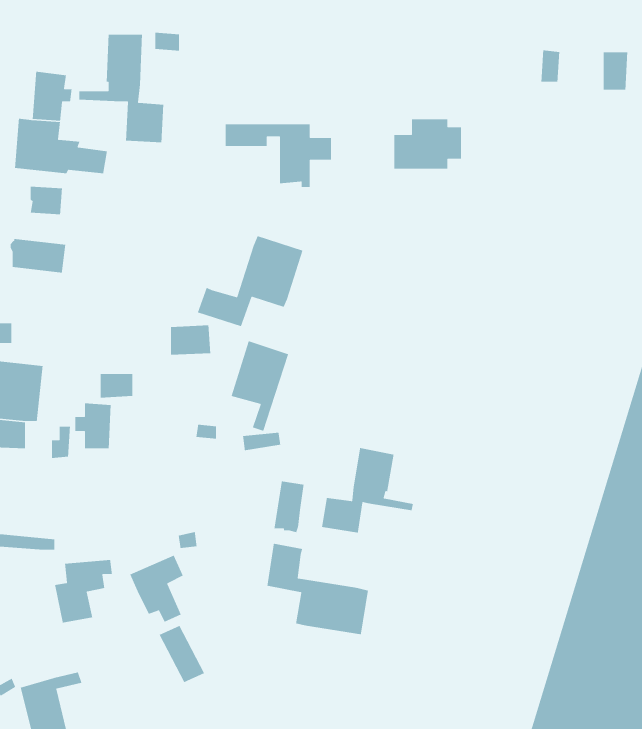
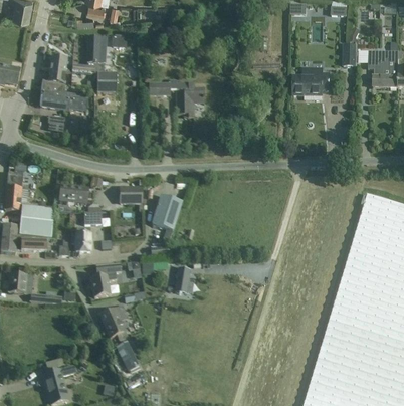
building: [394,119,462,169] -> [293,68,329,94]
building: [197,235,303,327] -> none
building: [10,238,66,273] -> [59,185,88,203]
building: [321,447,414,533] -> none
building: [266,543,369,635] -> none
building: [54,559,113,624] -> [90,264,121,297]

